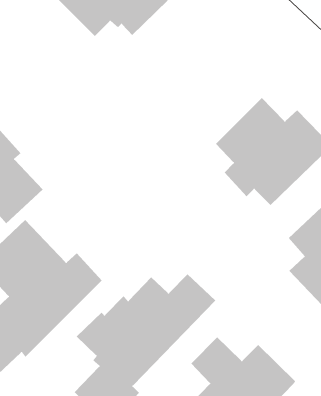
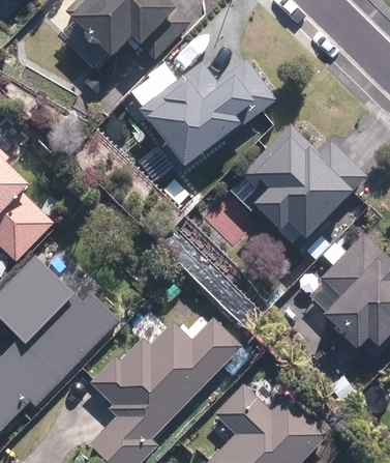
building: none -> [121,58,274,172]

